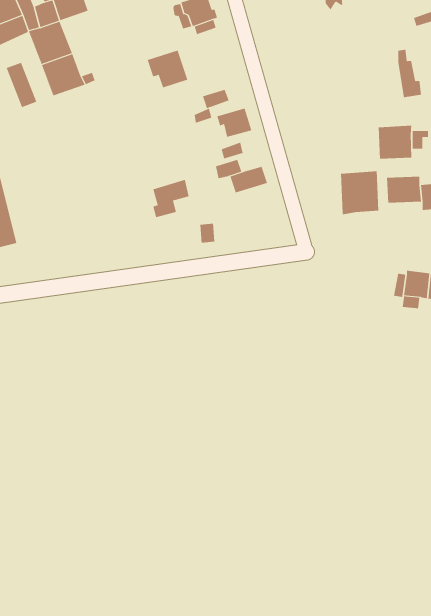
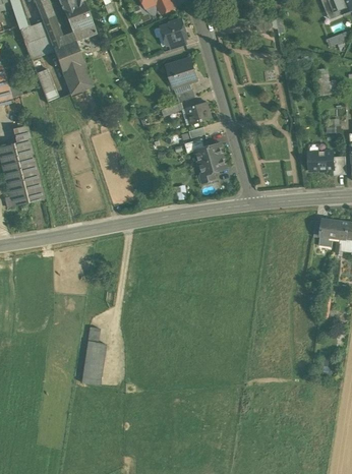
building: [147,50,188,88] -> [168,58,197,85]
building: [378,125,412,160] -> none
building: [341,171,379,215] -> none
building: [153,179,190,218] -> [200,156,227,183]
building: none -> [81,341,105,384]

